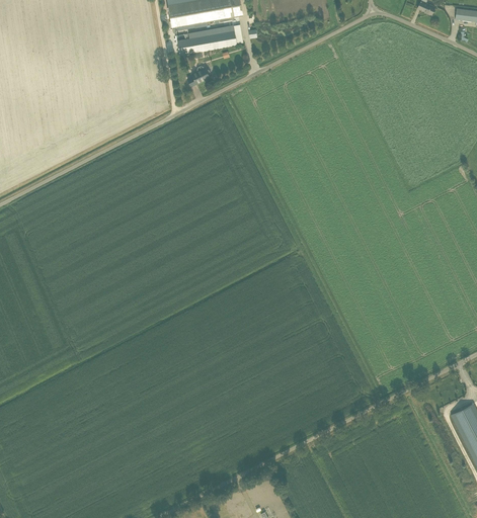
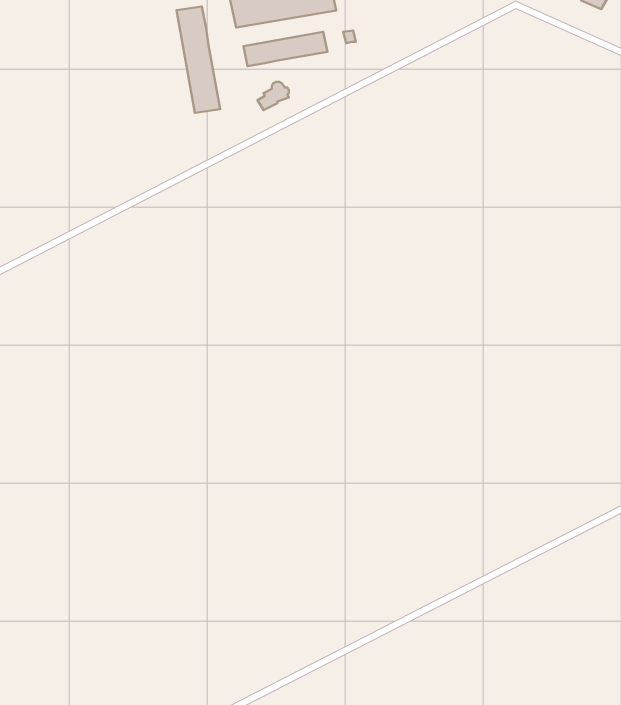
building: none -> [176,6,220,113]

